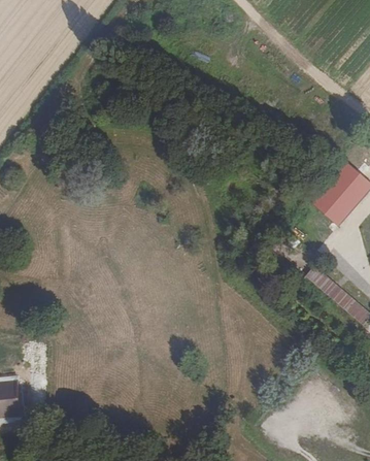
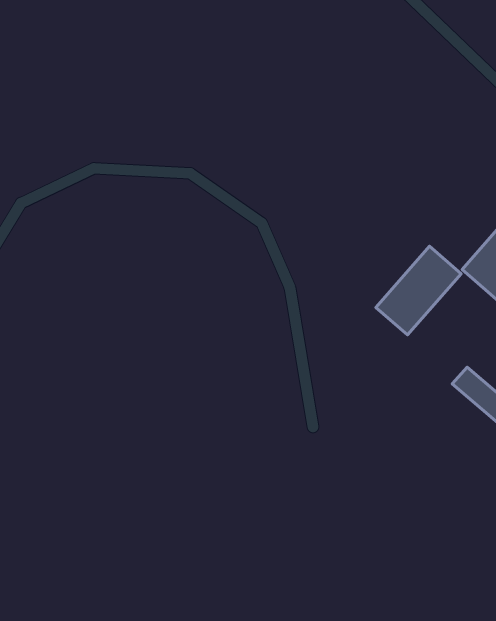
building: none -> [376,246,461,335]

